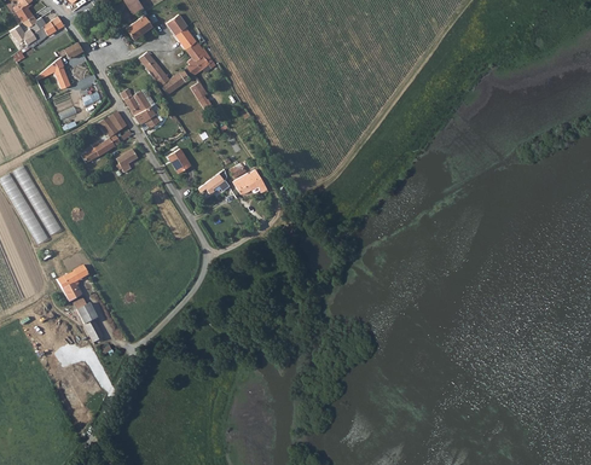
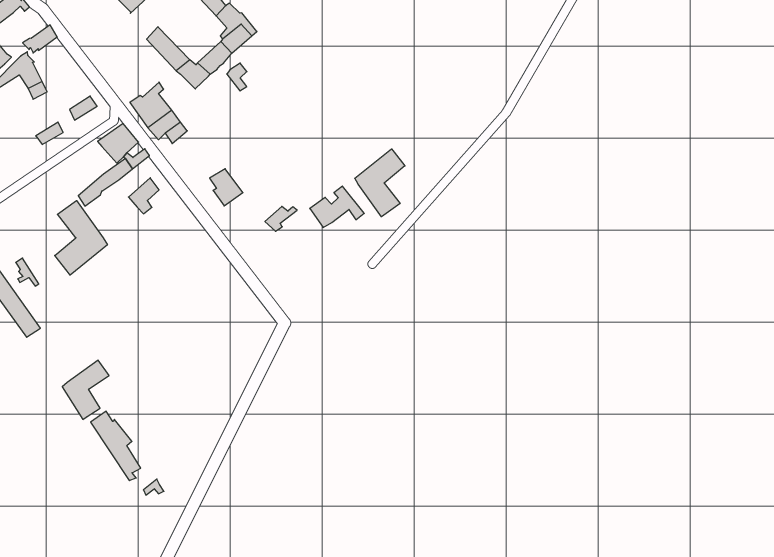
building: none -> [355,149,405,217]
building: none -> [55,201,107,275]

